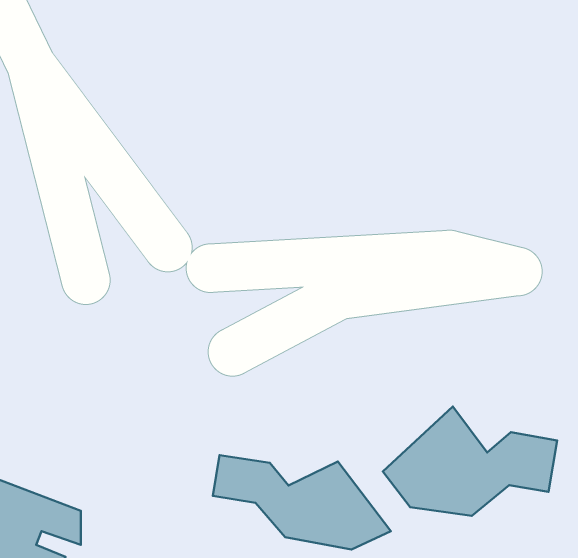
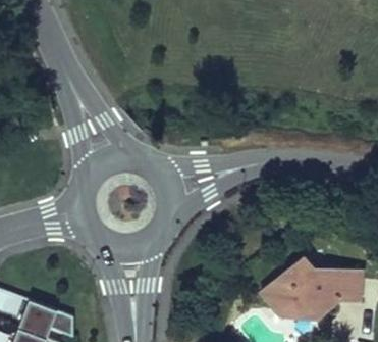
building: [213,455,391,550] -> none

